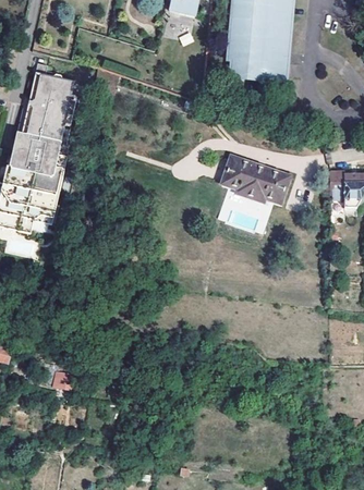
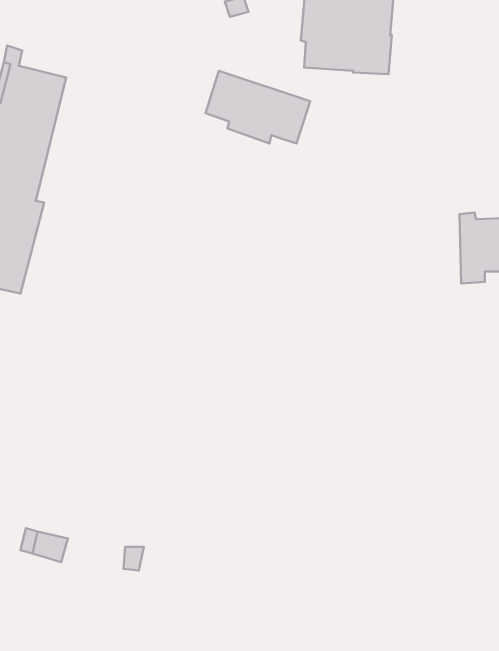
building: [222,155,290,201] -> [205,71,310,144]

